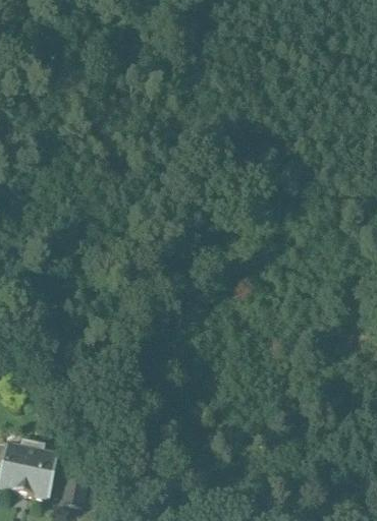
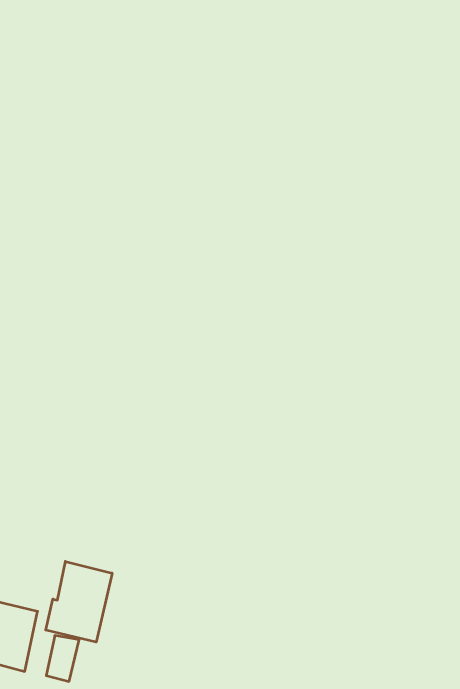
building: none -> [46,561,112,642]

